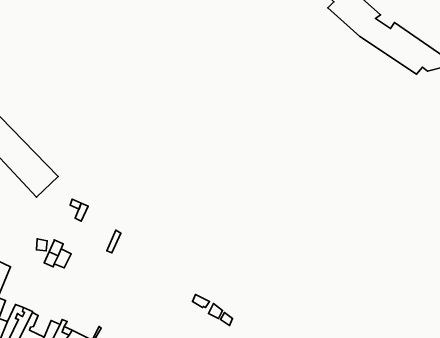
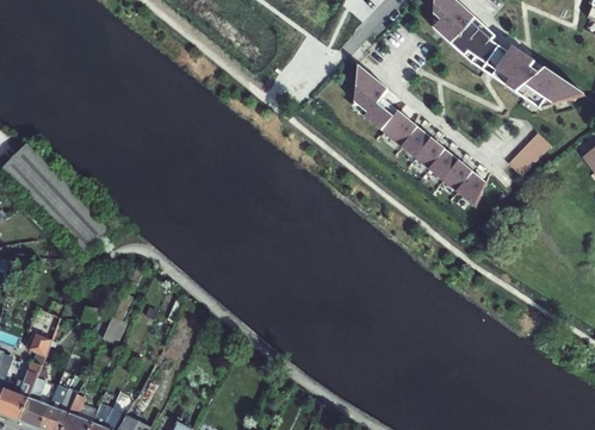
building: none -> [354,64,485,206]
building: none -> [508,131,551,175]

